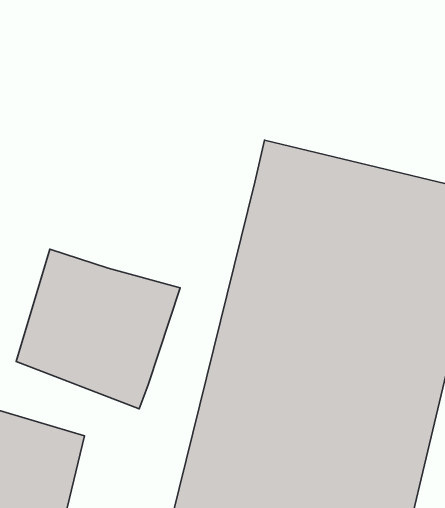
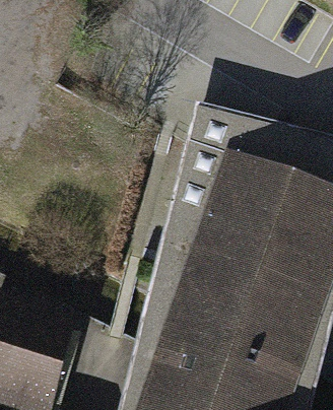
building: [16,249,180,409] -> none

